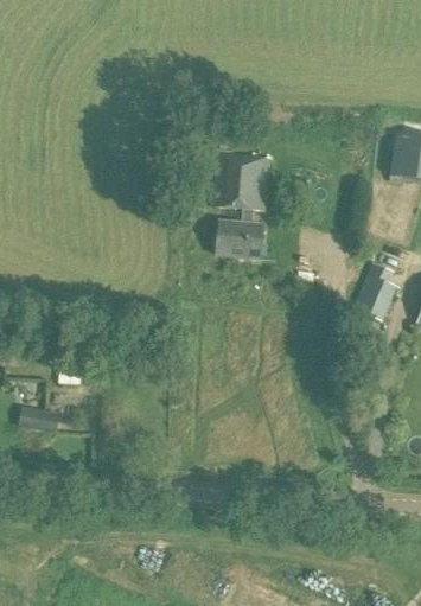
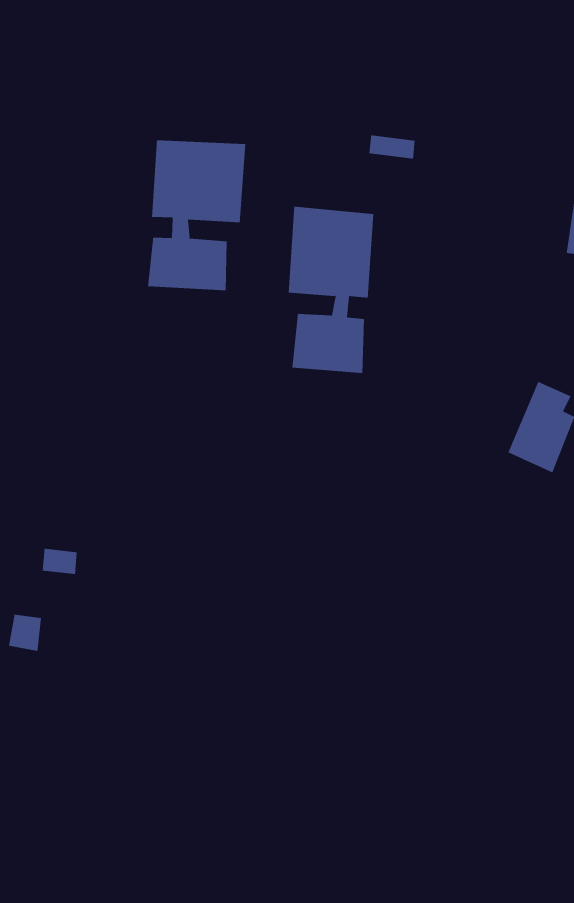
building: none -> [147,140,246,291]

